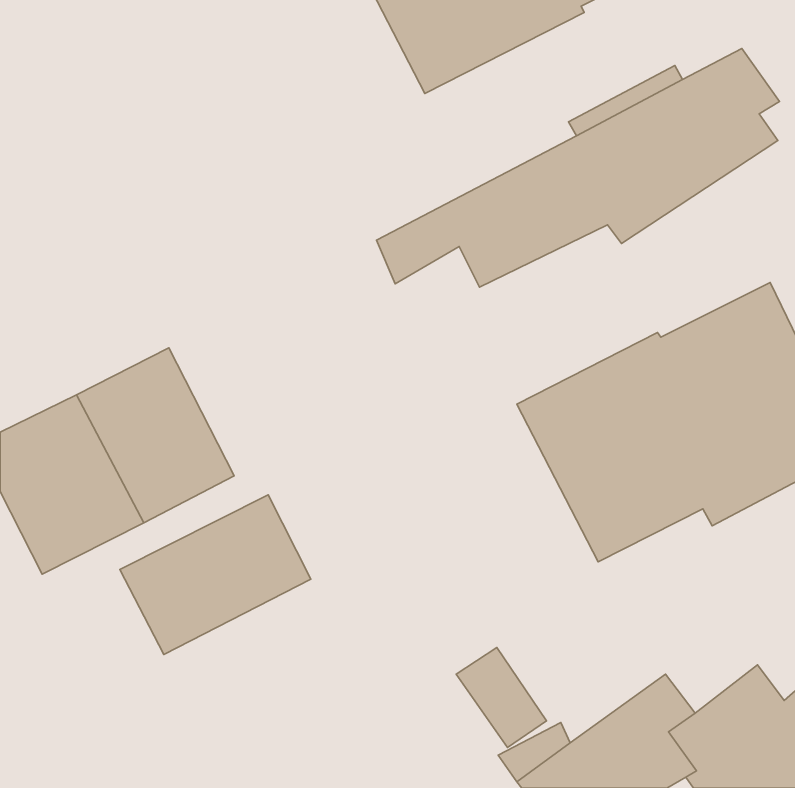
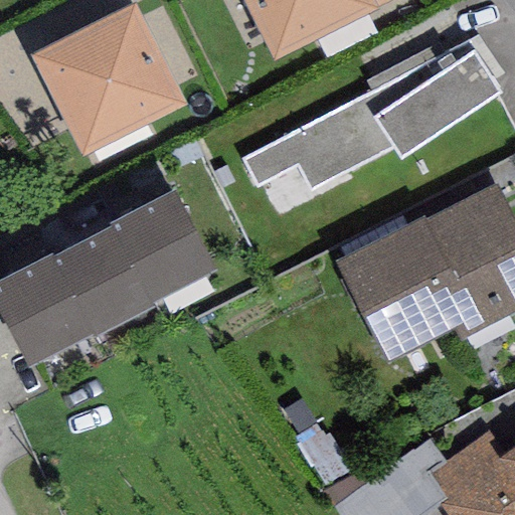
building: none -> [32,4,187,157]
building: none -> [111,190,217,307]
building: [120,495,311,655] -> none

